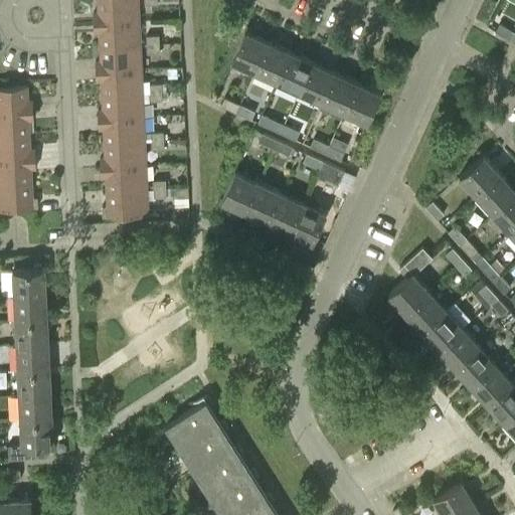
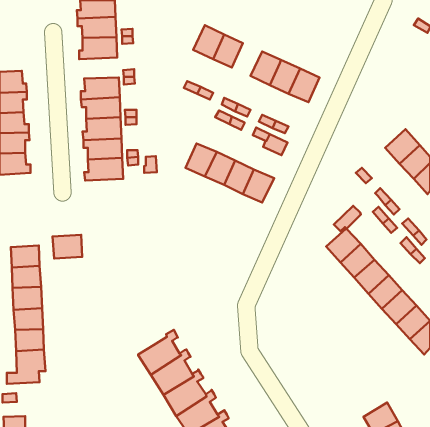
building: [277,56,313,96] -> none
building: [95,73,142,99] -> none
building: [11,272,46,300] -> [53,235,82,259]

